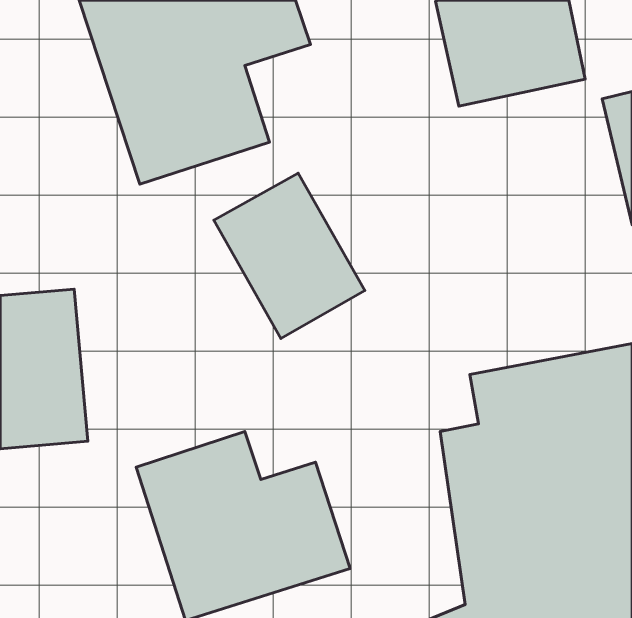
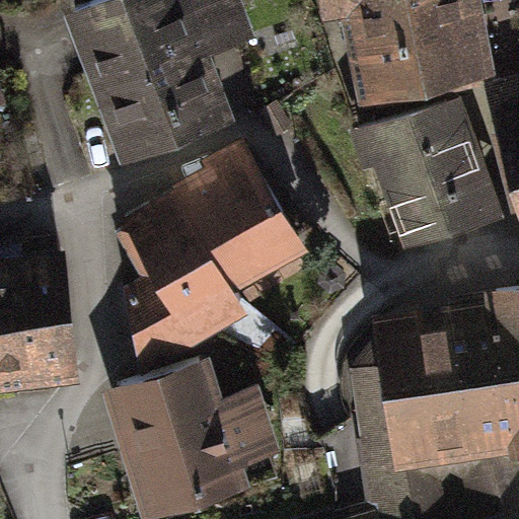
building: none -> [358,100,492,249]
building: none -> [119,192,241,349]

